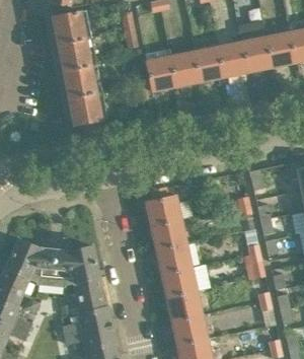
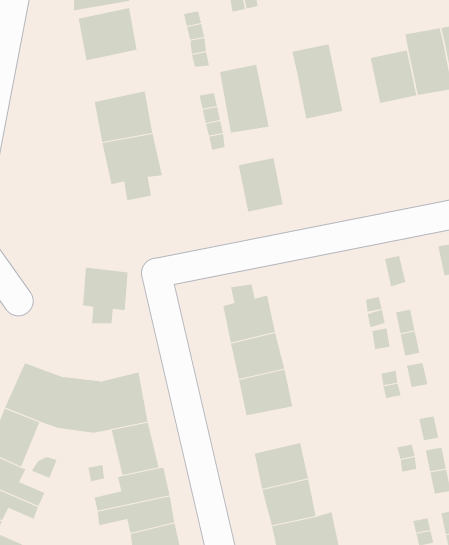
building: [216,30,247,77] -> none
building: [58,38,96,71] -> none
building: [170,52,200,87] -> [238,157,284,212]
building: none -> [82,267,128,324]
building: [161,268,197,298] -> none

